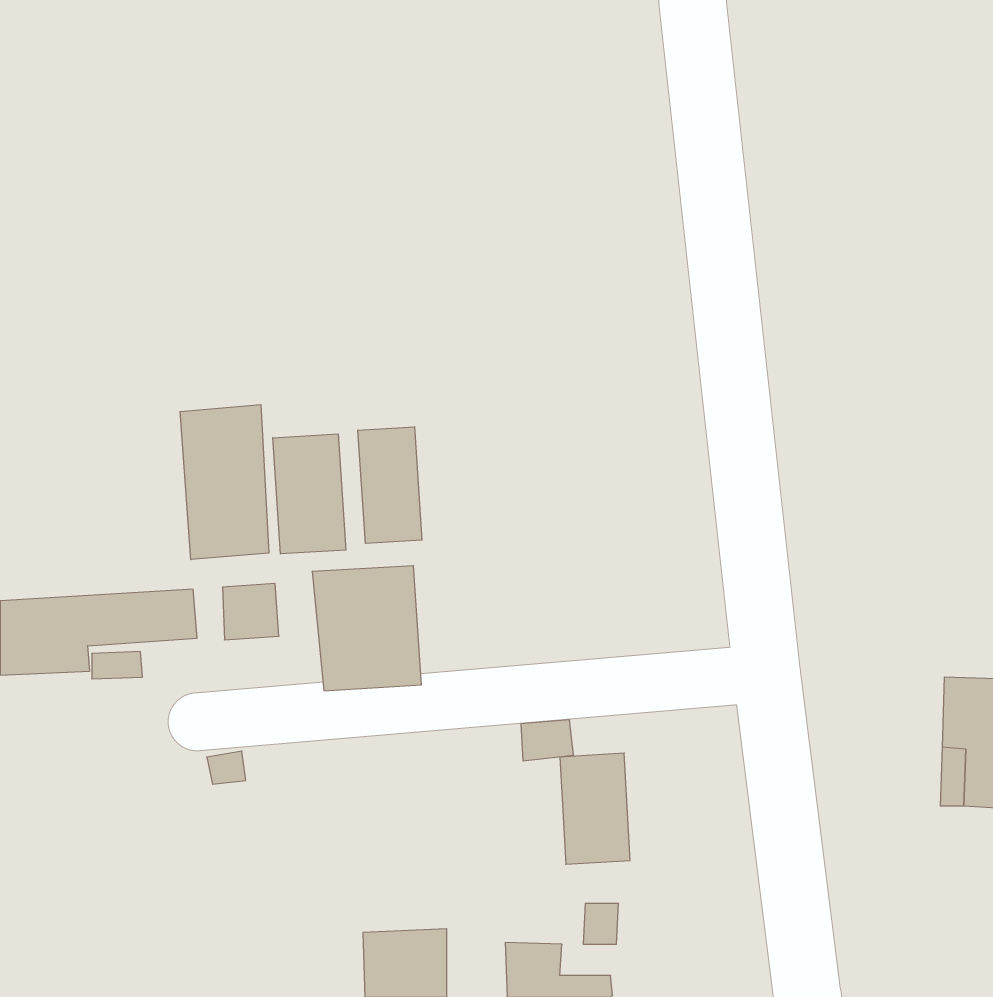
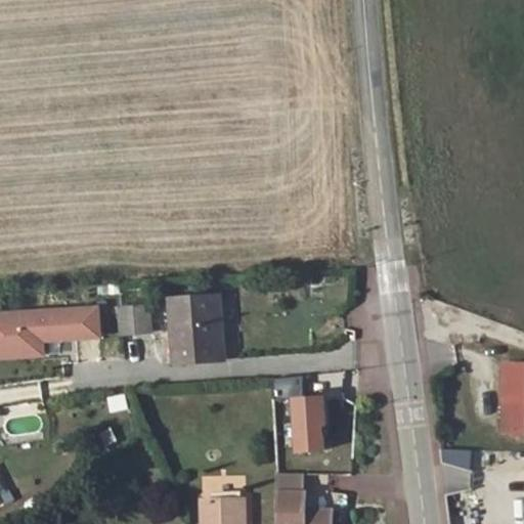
building: [180,405,269,560] -> none
building: [358,427,422,543] -> none
building: [273,434,346,554] -> none

